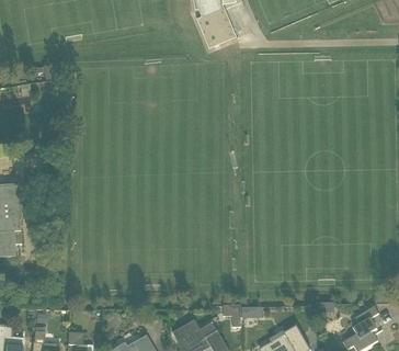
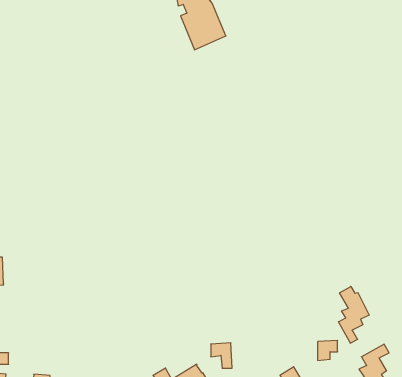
building: none -> [338,286,369,343]

